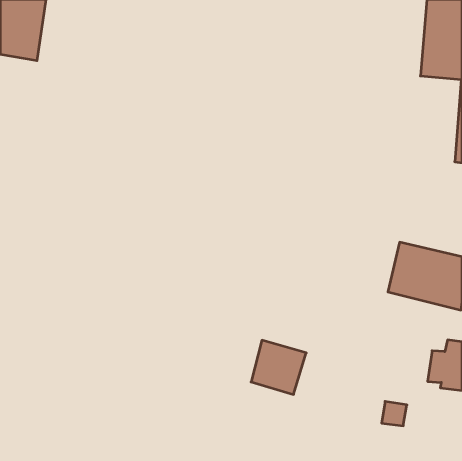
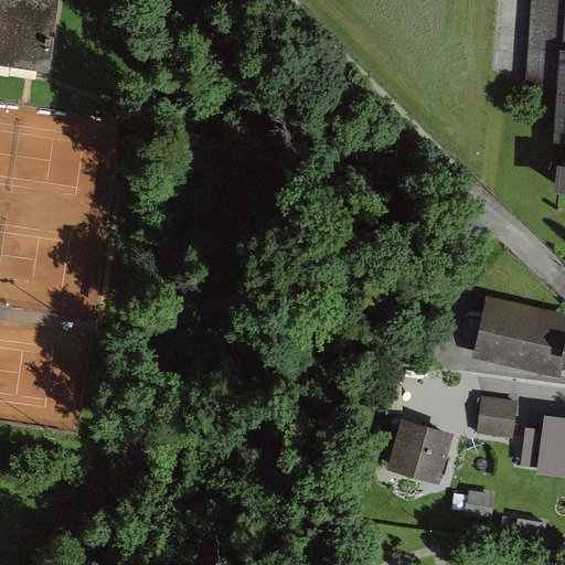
building: none -> [478,396,519,438]
building: [251,340,306,394] -> [388,418,456,484]

